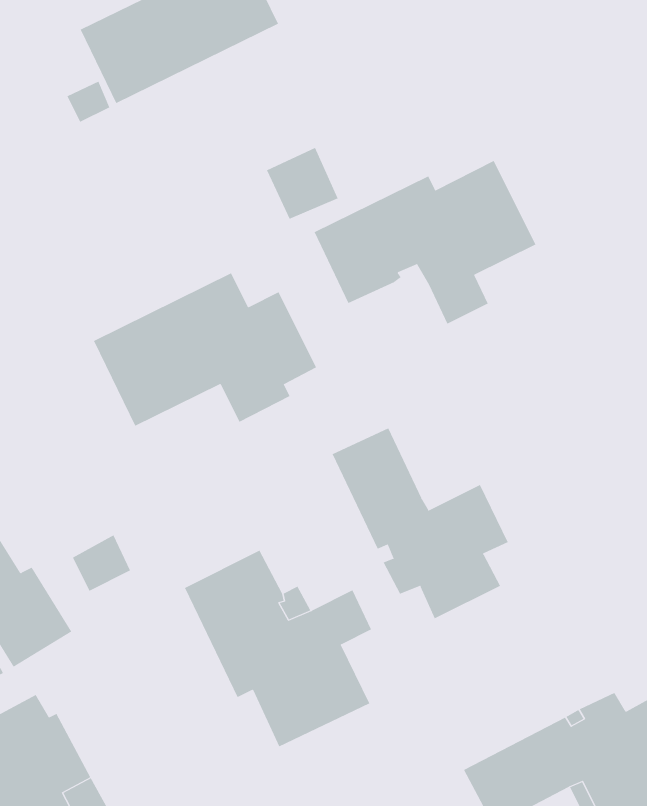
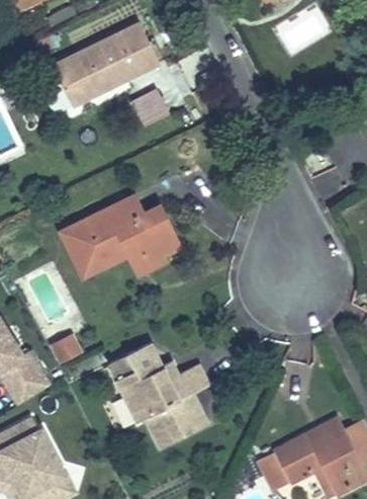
building: [266,147,338,219] -> [131,87,170,126]
building: [314,160,536,325] -> none
building: [332,427,508,619] -> none

